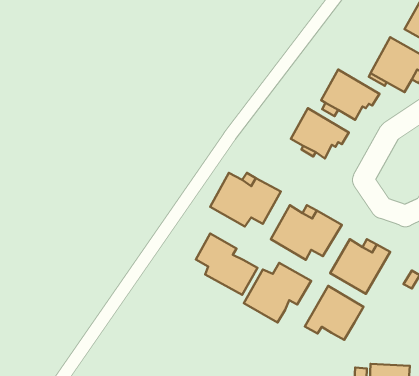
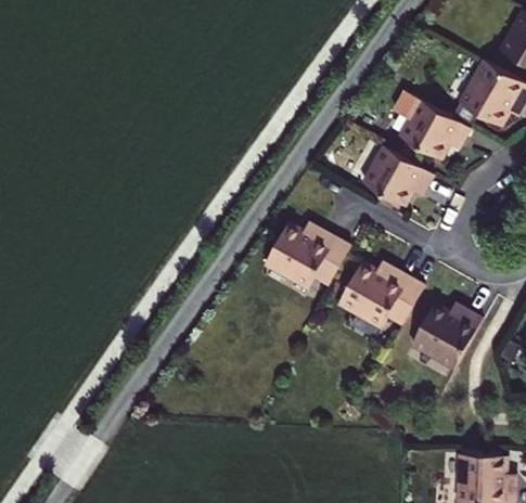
building: [196,234,257,295] -> none
building: [244,263,311,322] -> none
building: [305,286,364,340] -> none

